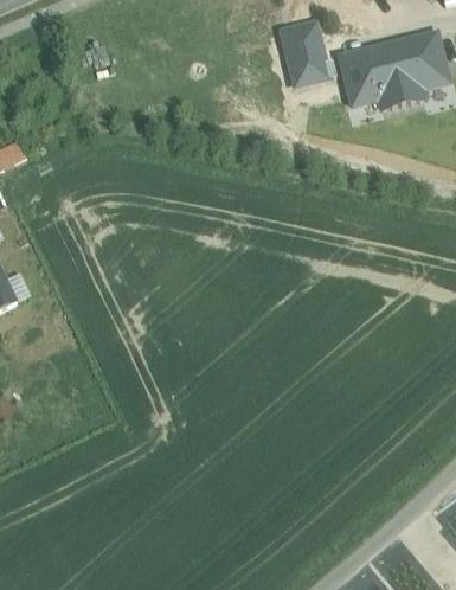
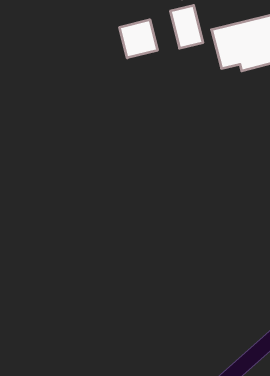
building: none -> [120,20,157,58]

